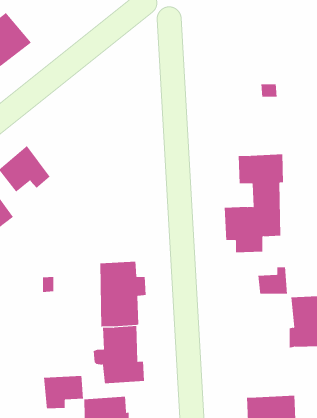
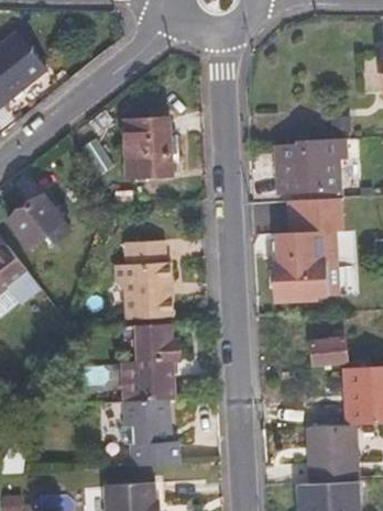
building: none -> [125,120,172,178]
building: none -> [276,141,346,201]
building: none -> [116,243,173,321]
building: none -> [306,424,354,482]
building: [43,375,84,409] -> none

